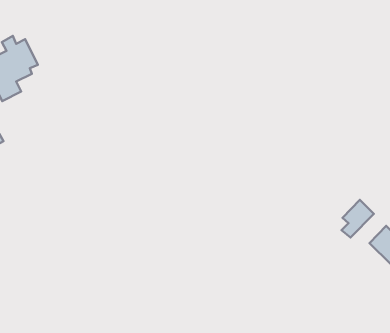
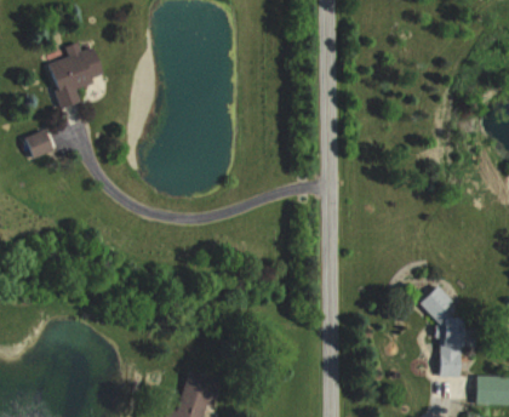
building: [341,200,374,238] -> none

